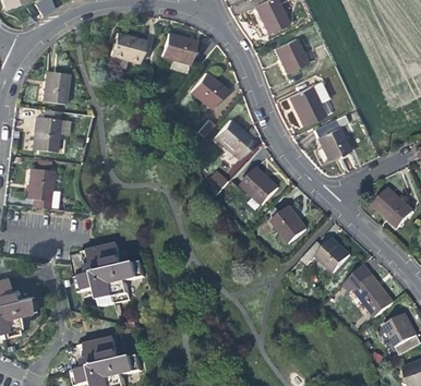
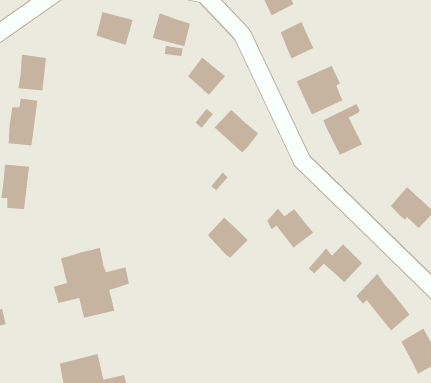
building: [243,168,280,205] -> [207,217,249,258]

